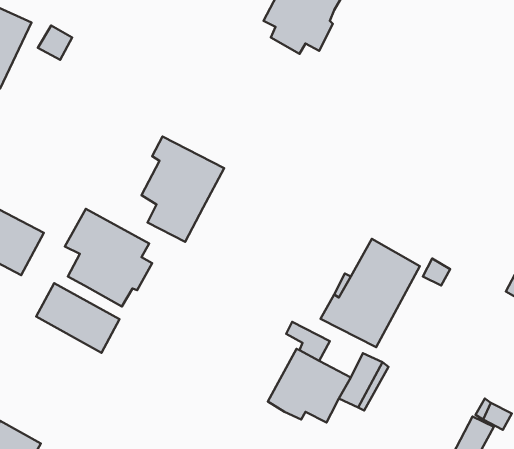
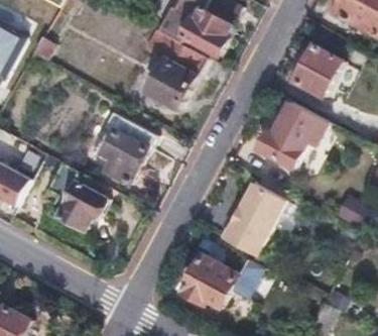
building: none -> [141,30,204,111]
building: none -> [293,46,342,97]
building: none -> [255,104,327,170]
building: [36,283,120,353] -> none

